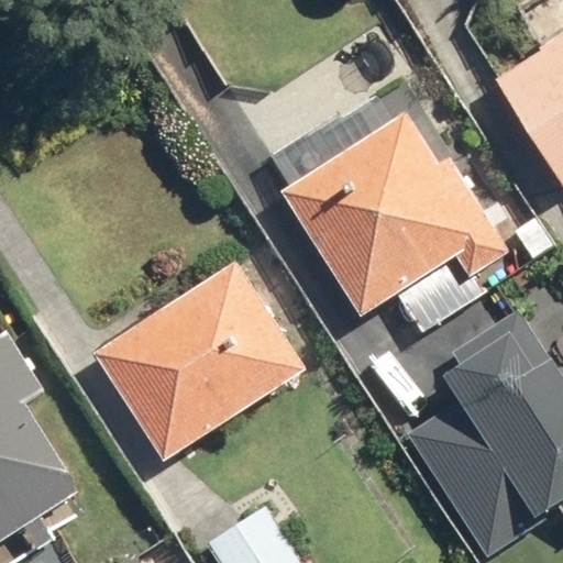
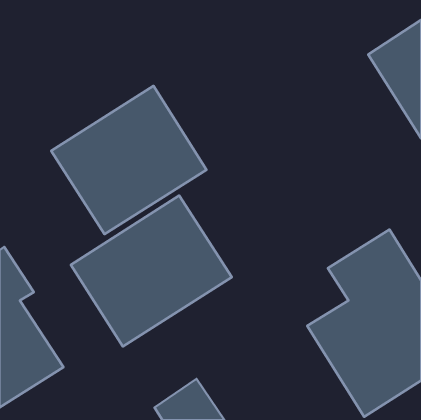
building: [280,111,511,318] -> none
building: none -> [51,86,206,234]

